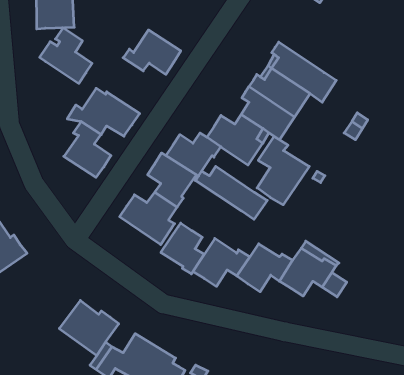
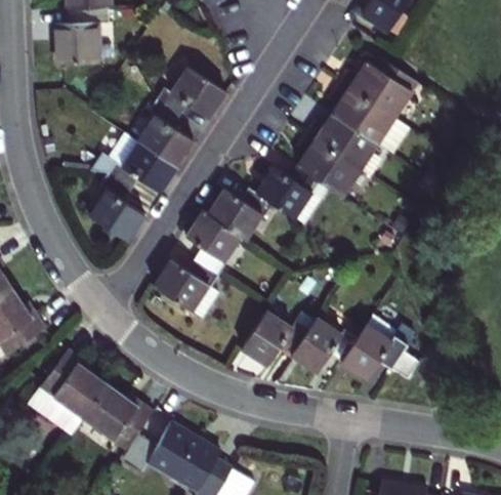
building: none -> [341,57,417,117]
building: [40,28,92,83] -> [132,99,194,165]
building: [257,137,309,205] -> none
building: [195,166,267,219] -> none
building: [161,223,204,274] -> none
building: none -> [30,349,109,434]

